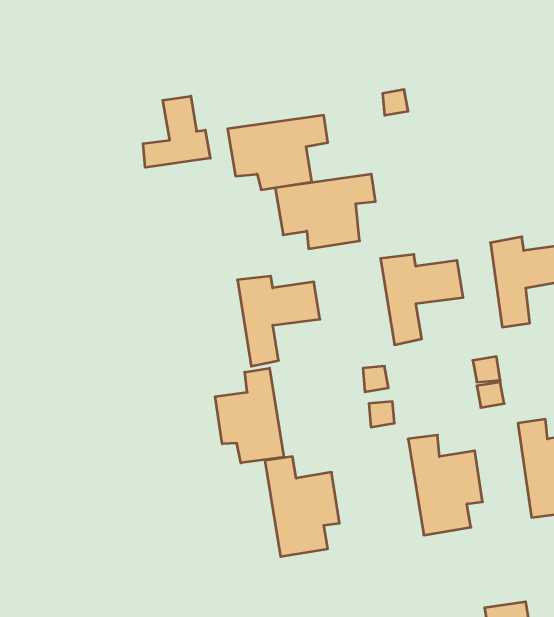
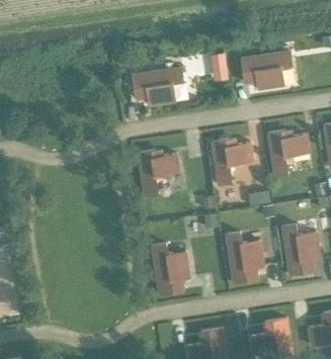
building: [143,96,210,167] -> none
building: [275,174,375,249] -> [240,52,292,90]
building: [215,368,284,463] -> none

